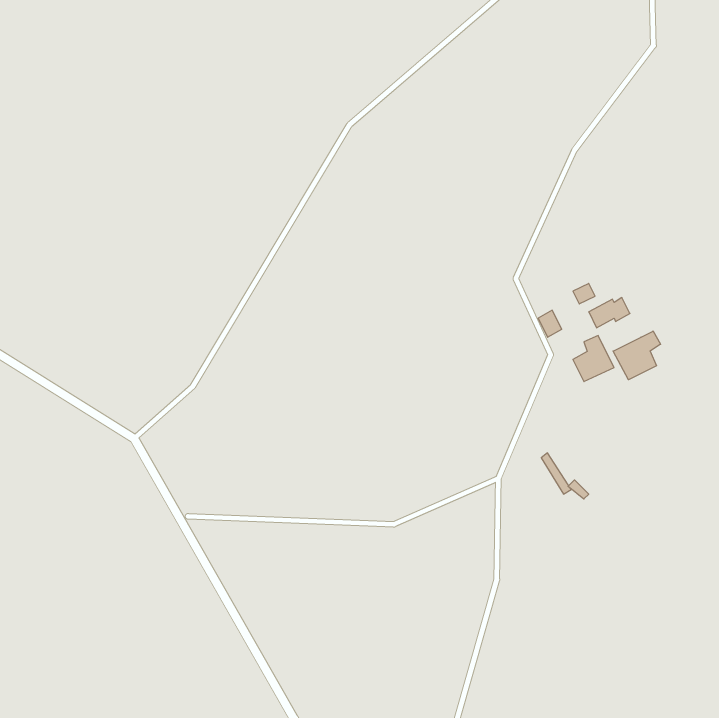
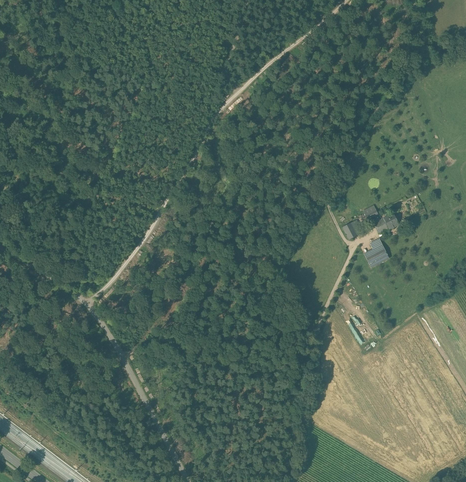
building: [613,331,661,380] -> none

